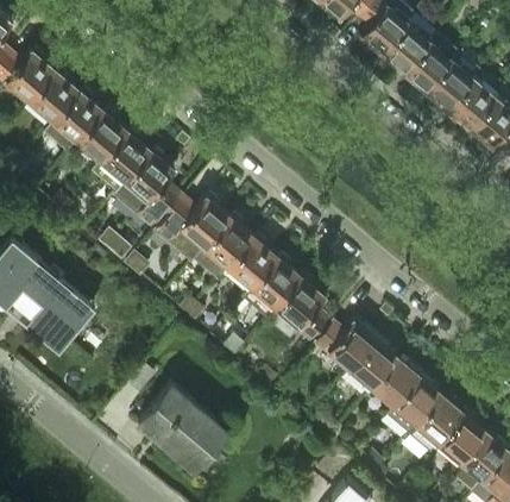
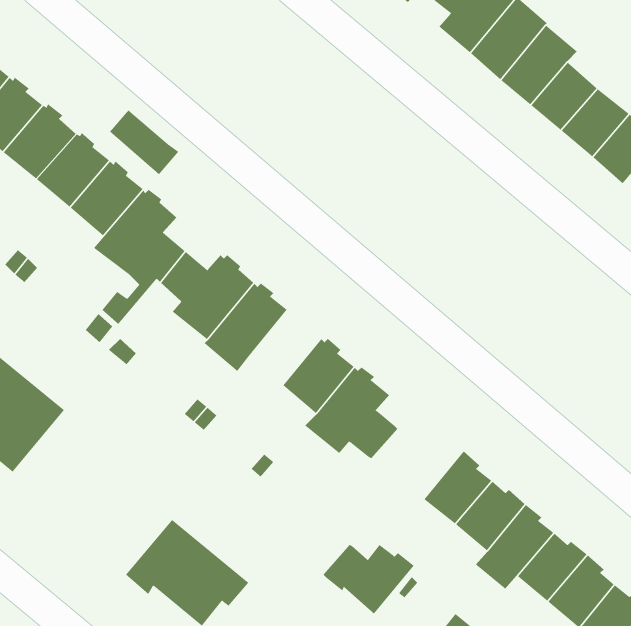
building: none -> [109,109,179,175]
building: [226,237,277,290] -> none
building: [313,321,378,371] -> [322,544,415,615]

